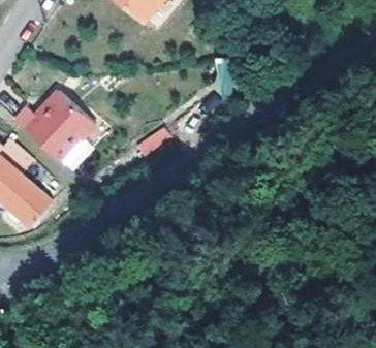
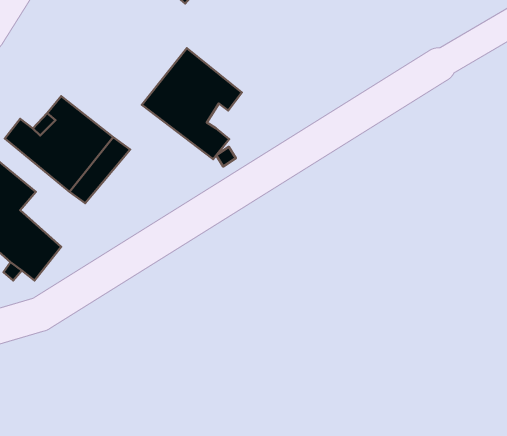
building: none -> [142,48,242,159]

